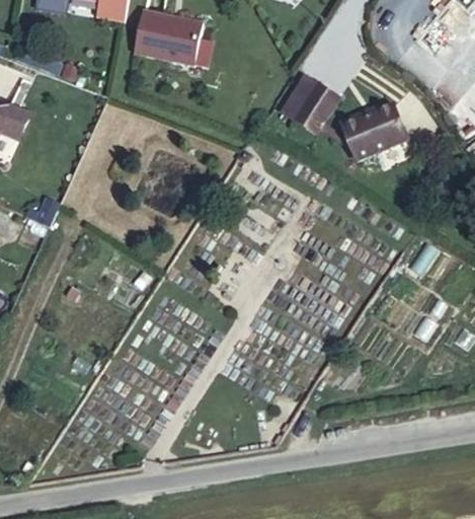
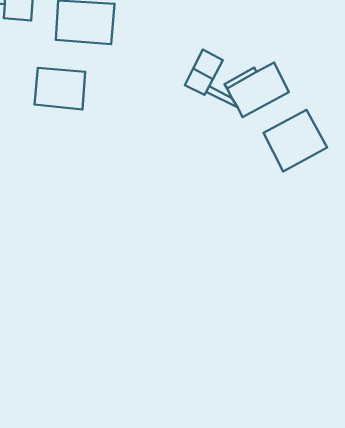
building: none -> [35,68,85,109]
building: none -> [264,110,327,172]

